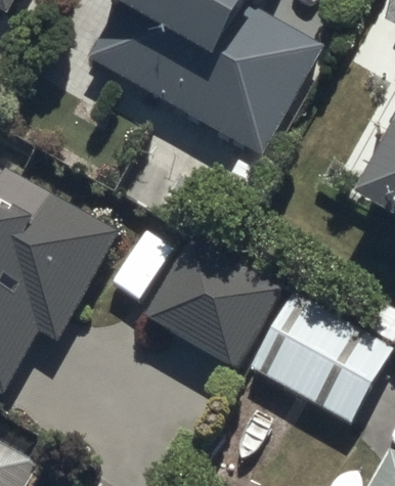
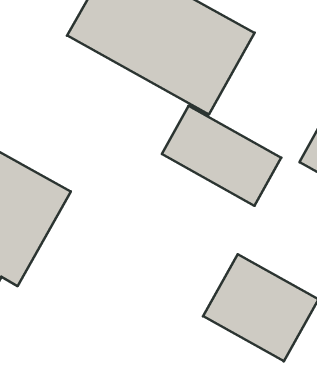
building: none -> [162,106,281,206]
building: [159,252,275,363] -> none

